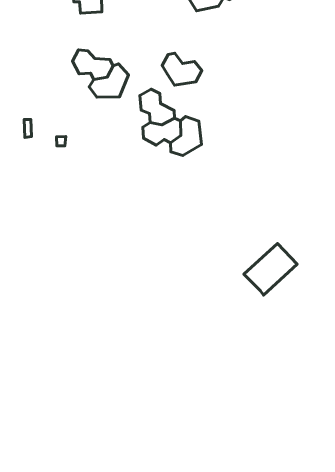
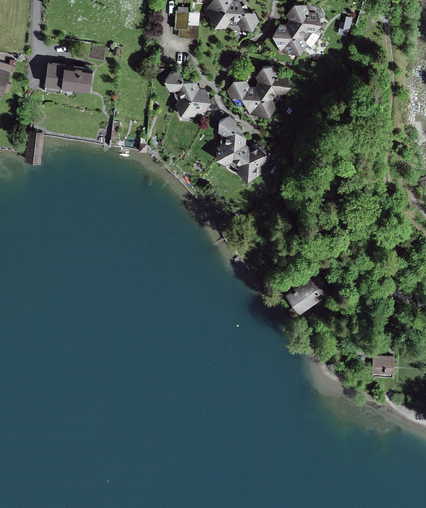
building: none -> [255,64,291,98]
building: none -> [227,79,249,109]

